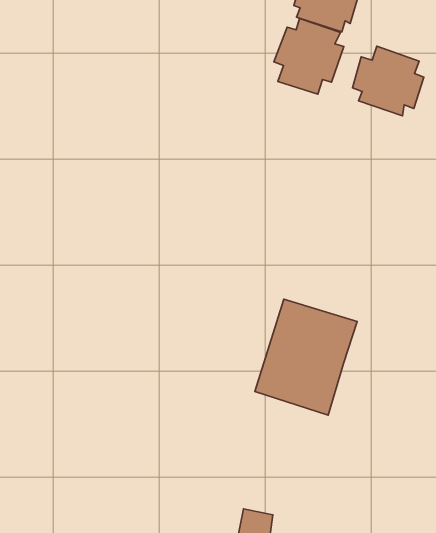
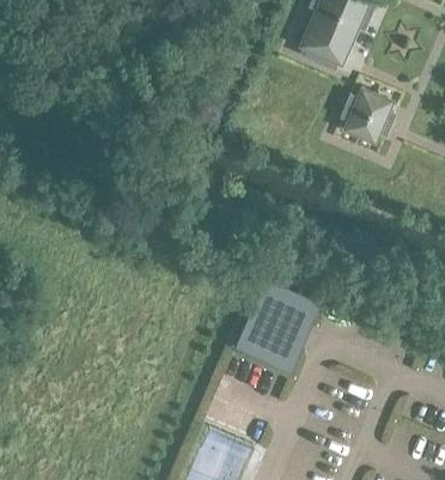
building: [274,19,344,94] -> none

